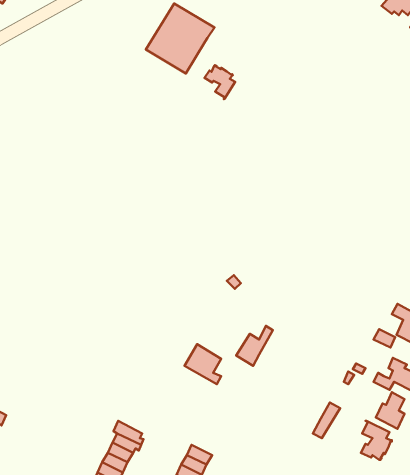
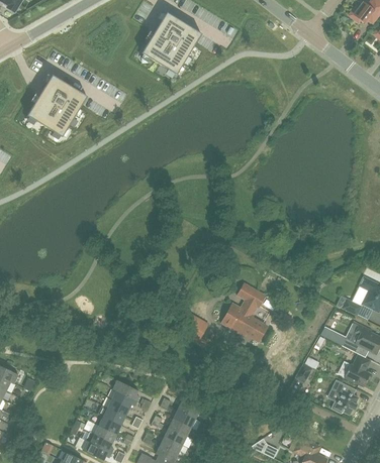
building: [204,65,235,99] -> none
building: none -> [26,75,87,136]
building: none -> [235,282,267,341]

